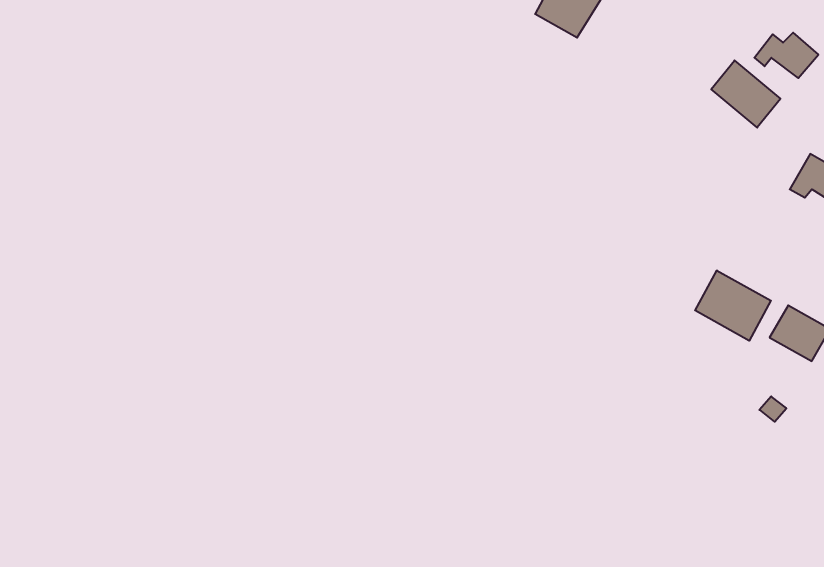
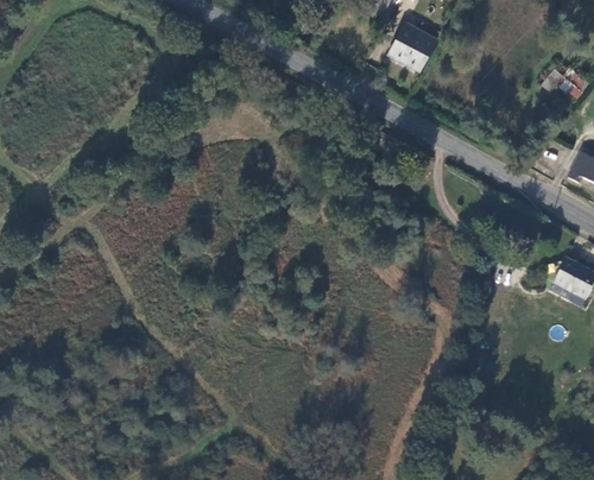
building: [711,60,780,128] -> none
building: [695,270,771,341] -> none

